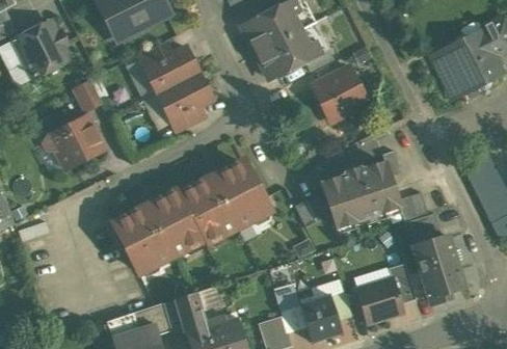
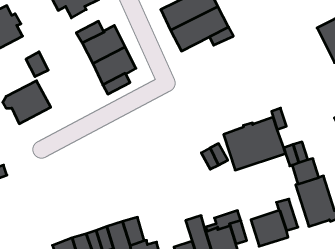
building: [312,66,368,122] -> none
building: [115,162,269,271] -> none

